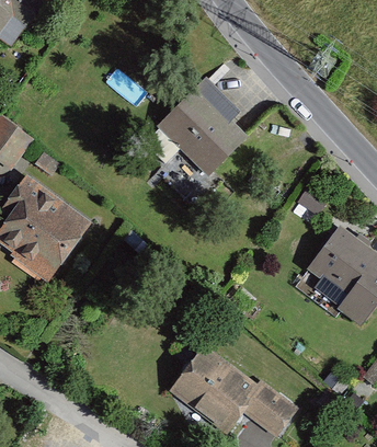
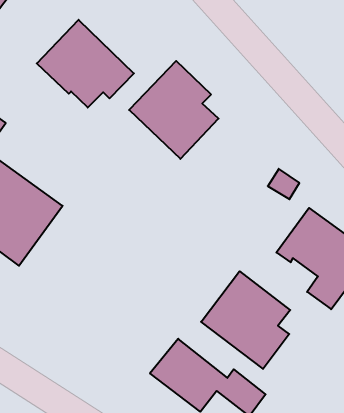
building: none -> [37,20,134,108]
building: none -> [201,271,290,369]

